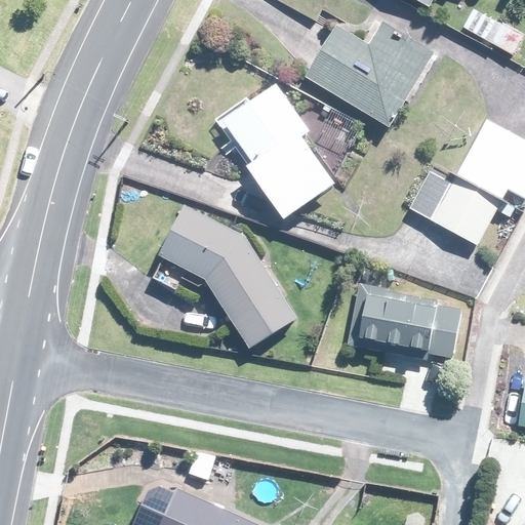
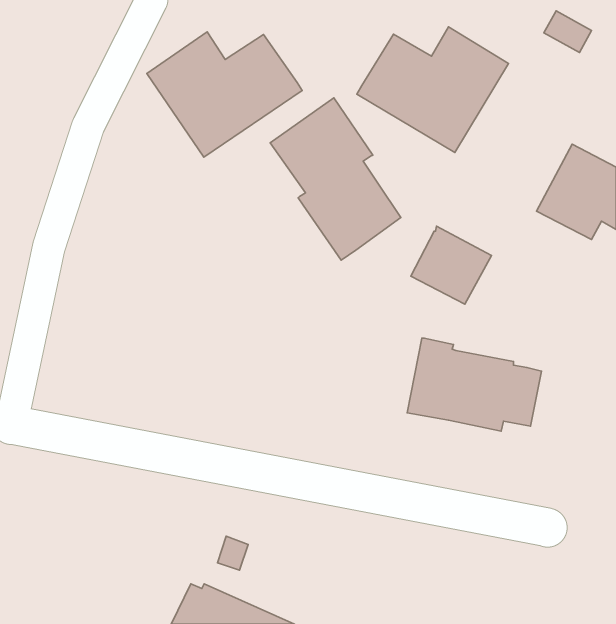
building: none -> [147,32,302,157]
building: [426,180,493,246] -> [411,226,492,304]
building: [164,202,306,348] -> none

